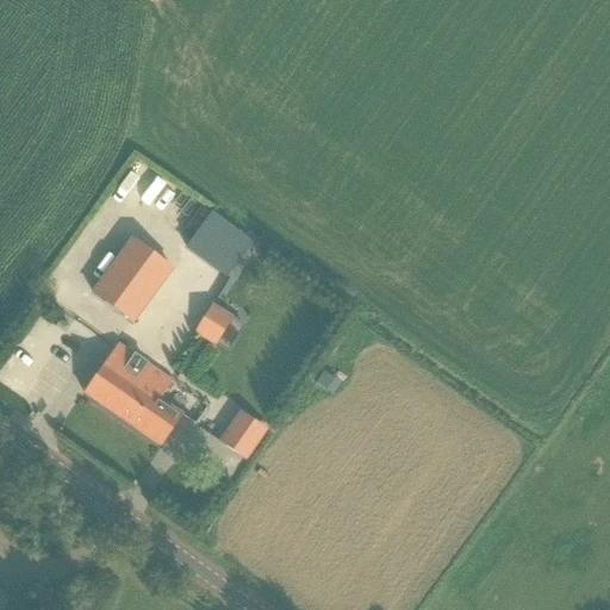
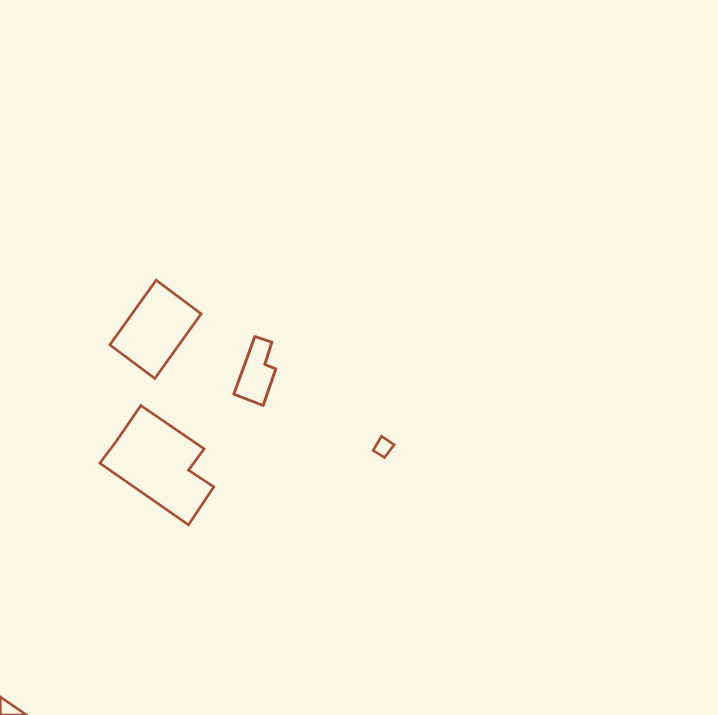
building: [187,210,254,276] -> none
building: [222,411,266,458] -> none

